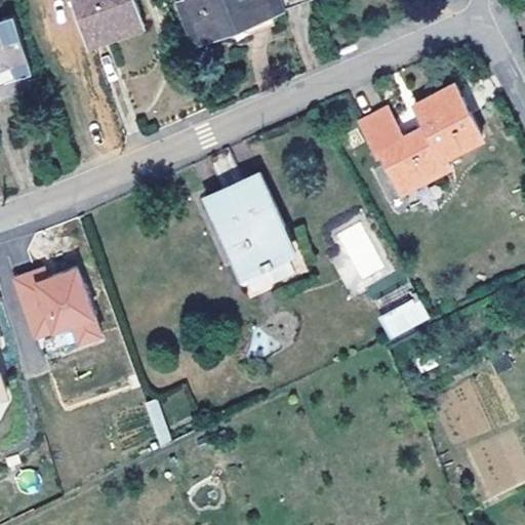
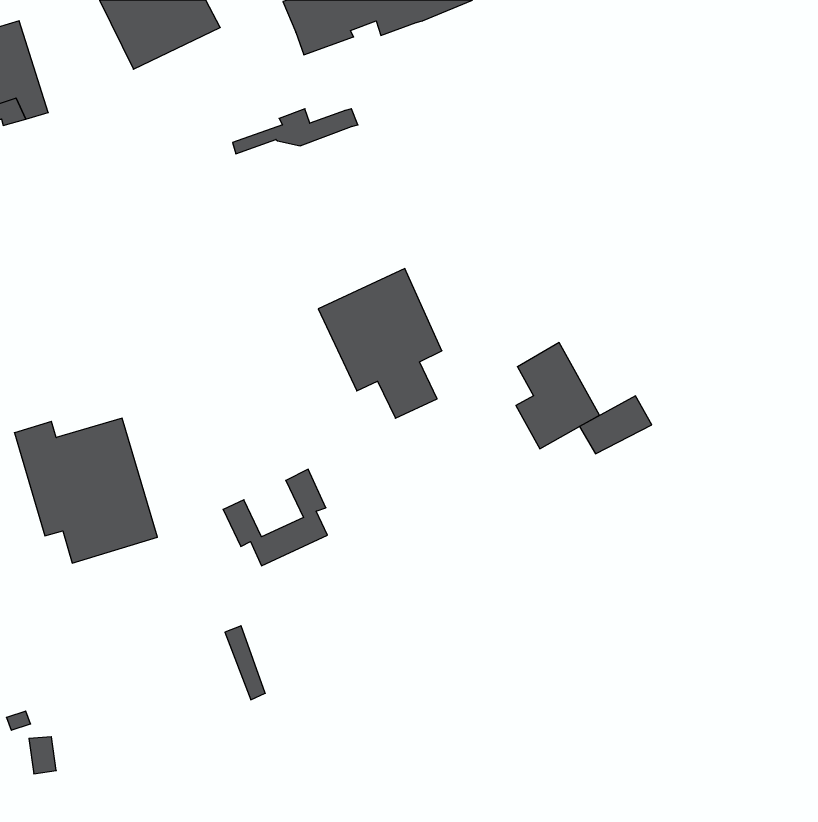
building: [194,13,274,42] -> [233,109,358,154]
building: [357,83,480,190] -> none
building: [228,224,294,285] -> [223,469,327,566]
building: [382,296,429,333] -> [579,396,652,454]

